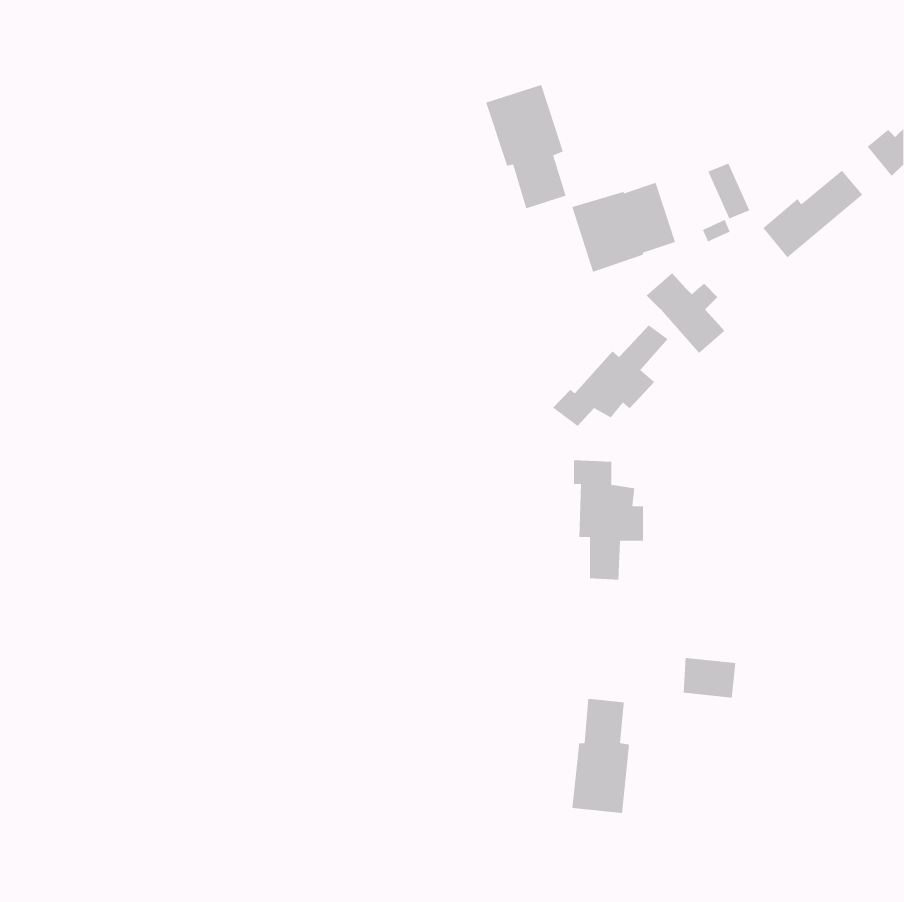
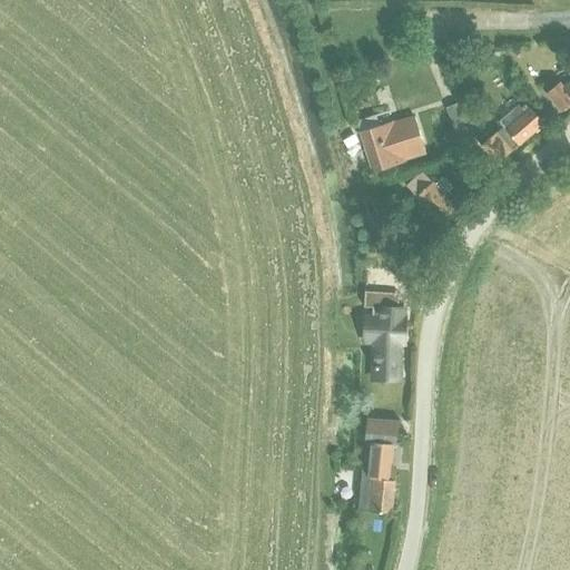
building: [486,84,566,209] -> none
building: [552,325,669,427] -> none
building: [683,657,736,698] -> [366,414,400,440]

